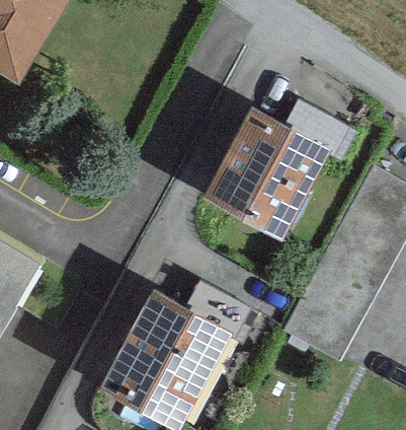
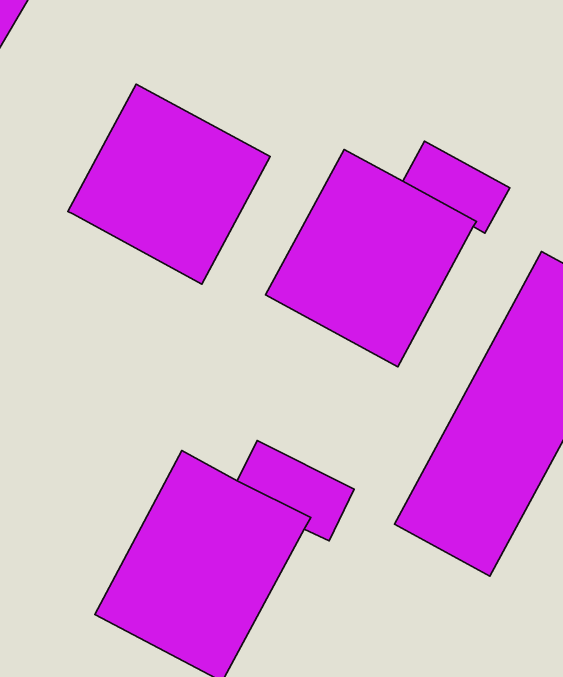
building: none -> [68,84,270,284]

